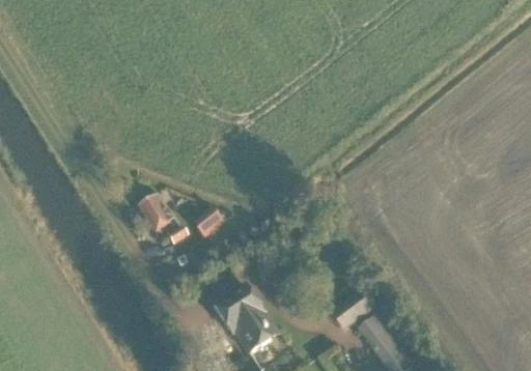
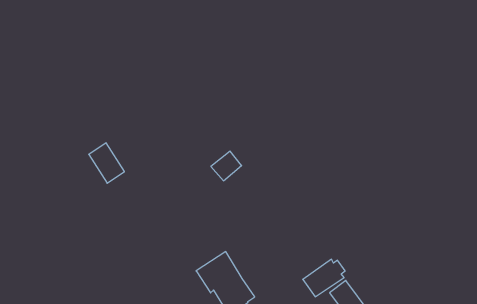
building: [139,196,177,239] -> [89,143,124,183]
building: [193,209,226,241] -> [211,151,242,181]

